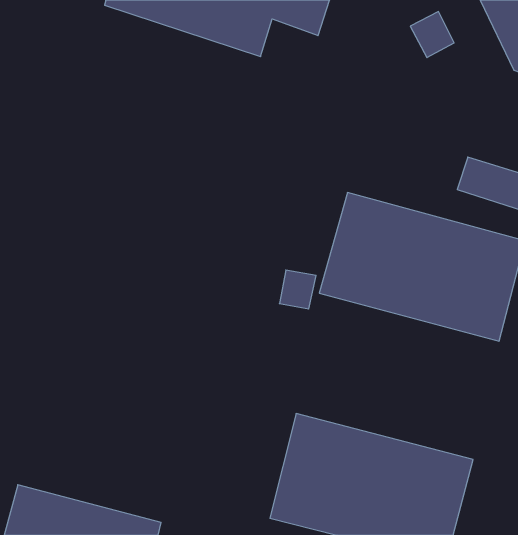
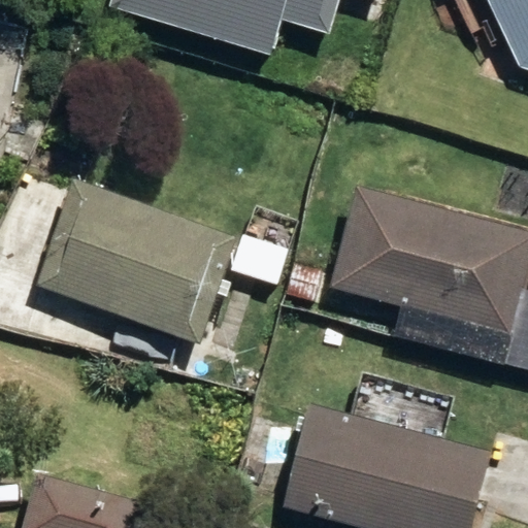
building: none -> [30,182,227,341]

